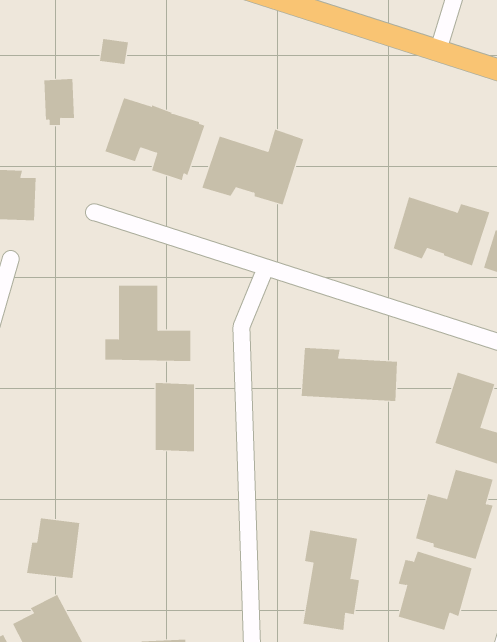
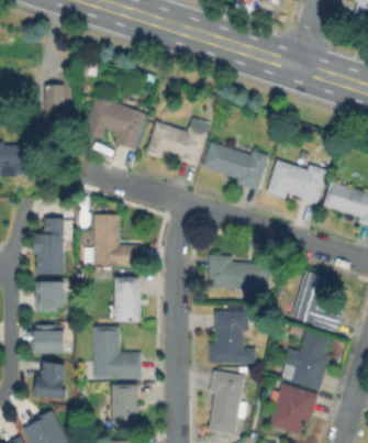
building: none -> [203,142,268,190]
building: none -> [37,219,66,276]
building: none -> [37,283,68,314]
building: none -> [209,304,248,363]
building: none -> [32,326,66,355]
building: none -> [90,326,142,378]
building: none -> [108,384,134,429]

